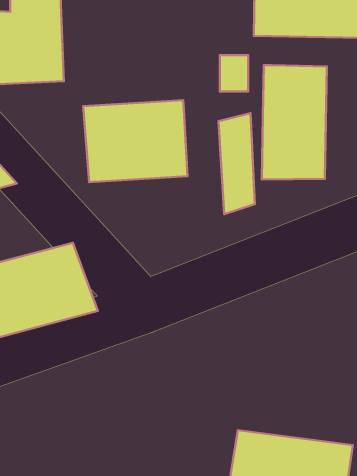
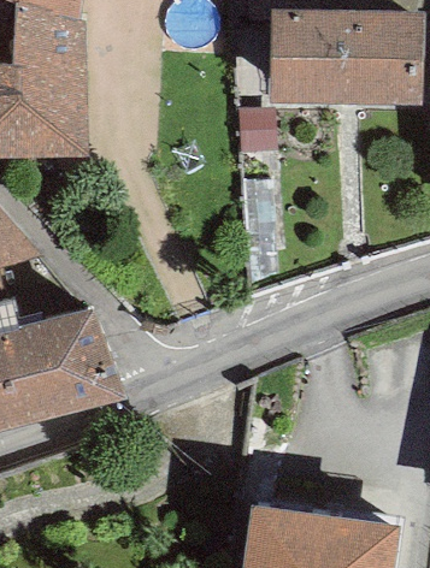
building: [262,65,327,179] -> none
building: [83,100,188,182] -> none

